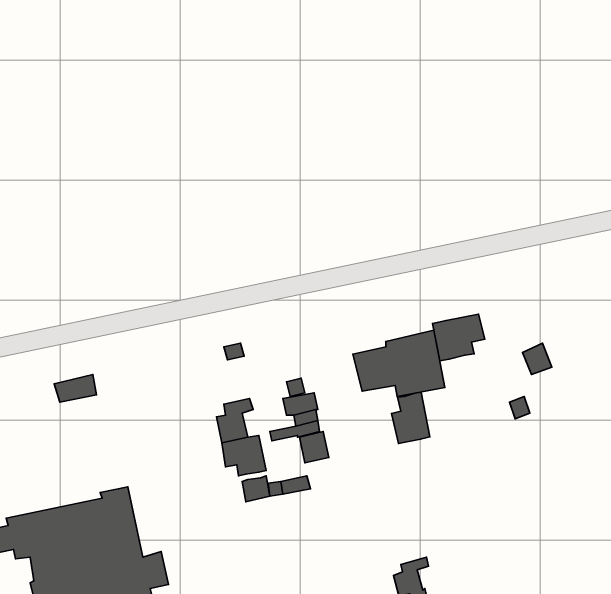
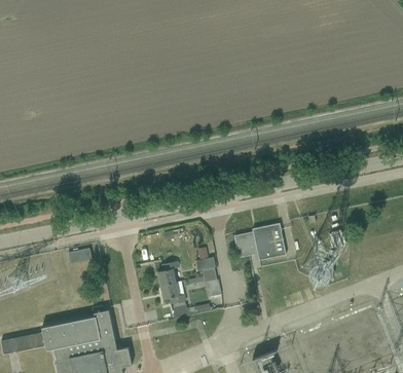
building: [433,314,485,361] -> none
building: [391,392,430,443] -> none

